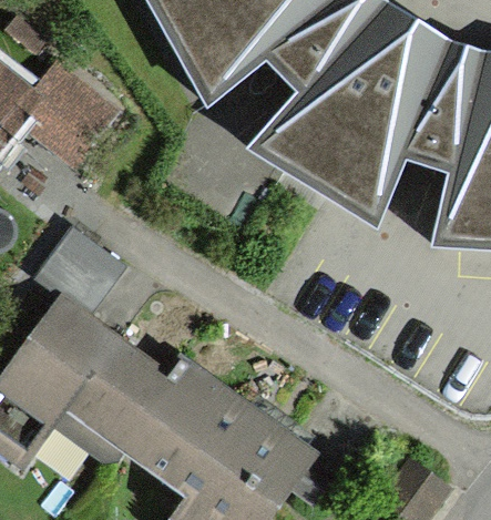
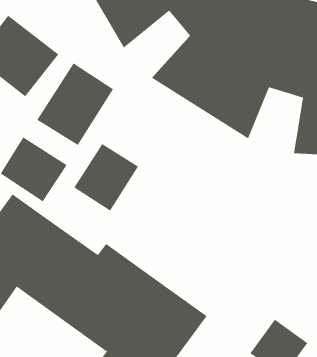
building: none -> [37,63,114,146]
building: none -> [73,143,139,211]

